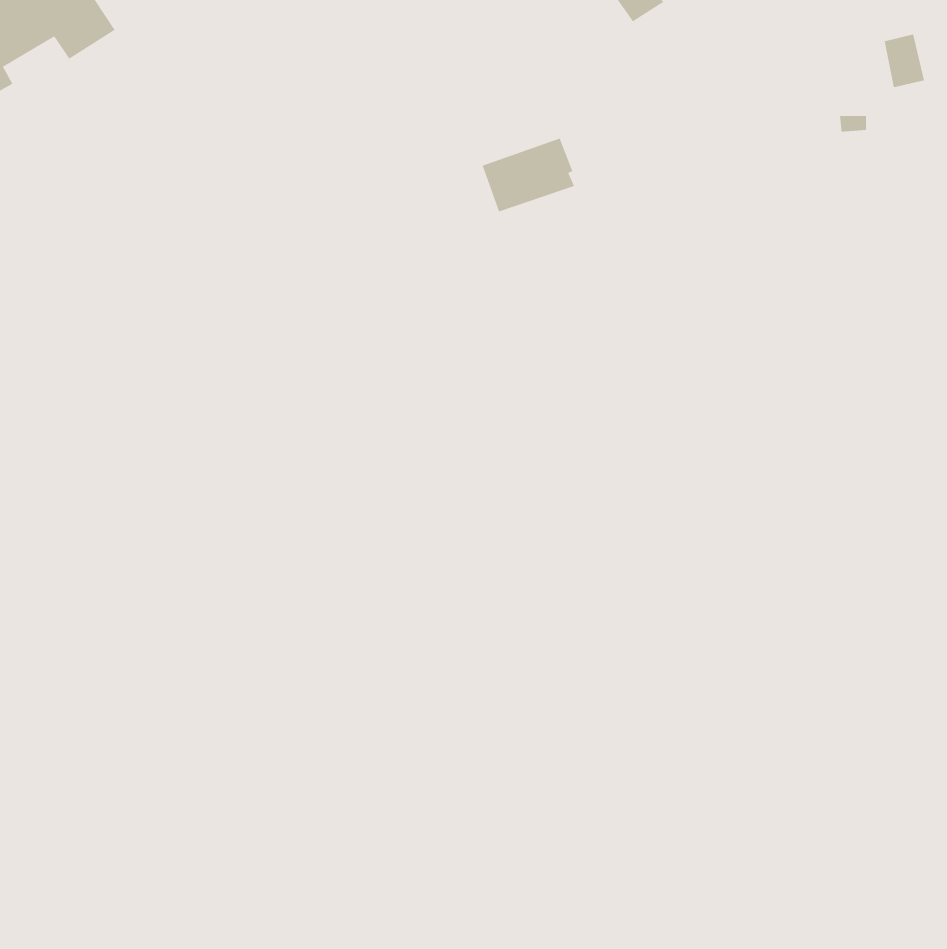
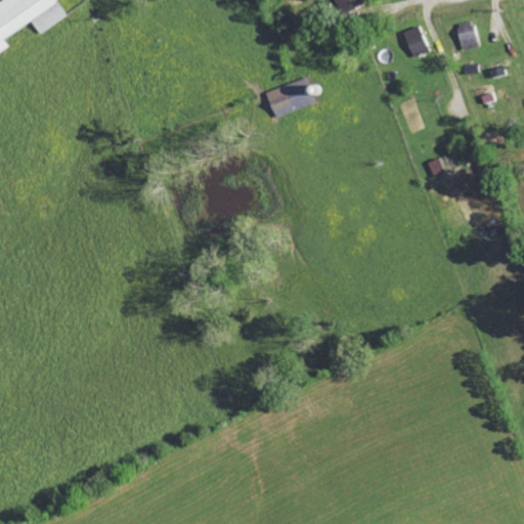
building: [884,34,925,88] -> [455,20,478,50]
building: none -> [402,25,430,56]

